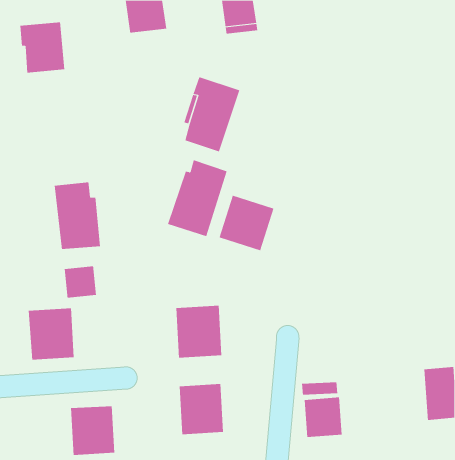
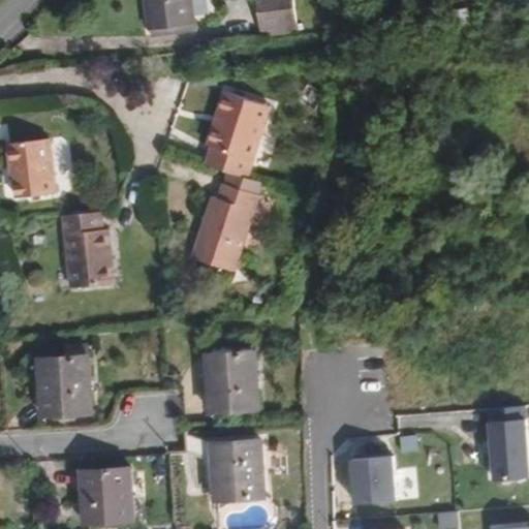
building: [19,22,65,73] -> [4,133,57,192]
building: [219,195,274,251] -> none
building: [64,265,96,299] -> none

